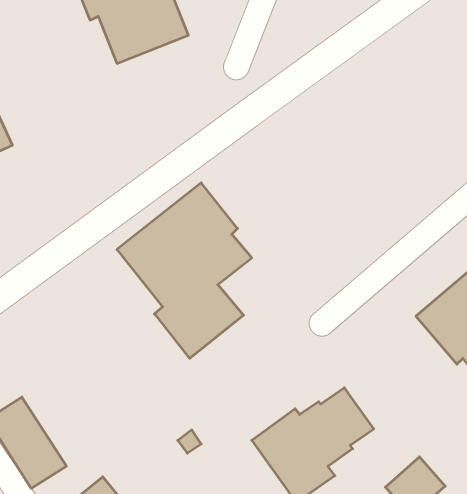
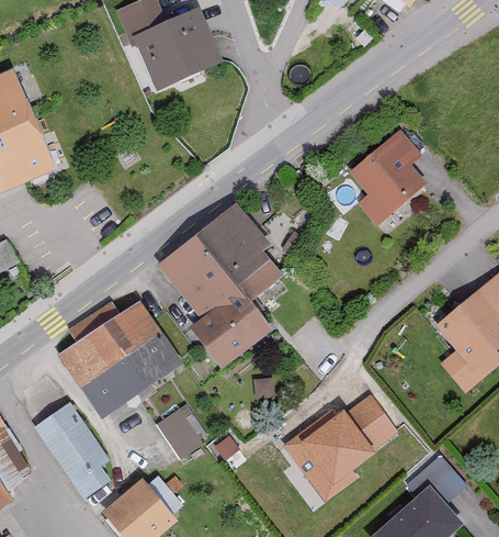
building: none -> [348,128,428,226]
building: none -> [59,300,183,418]
building: none -> [154,407,200,456]

